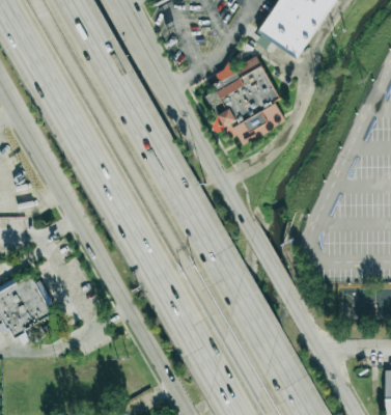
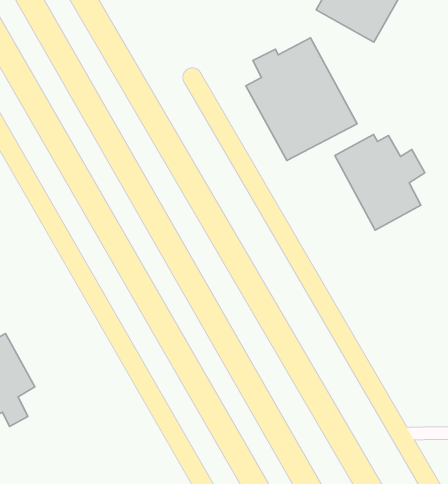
building: none -> [335,135,425,230]

